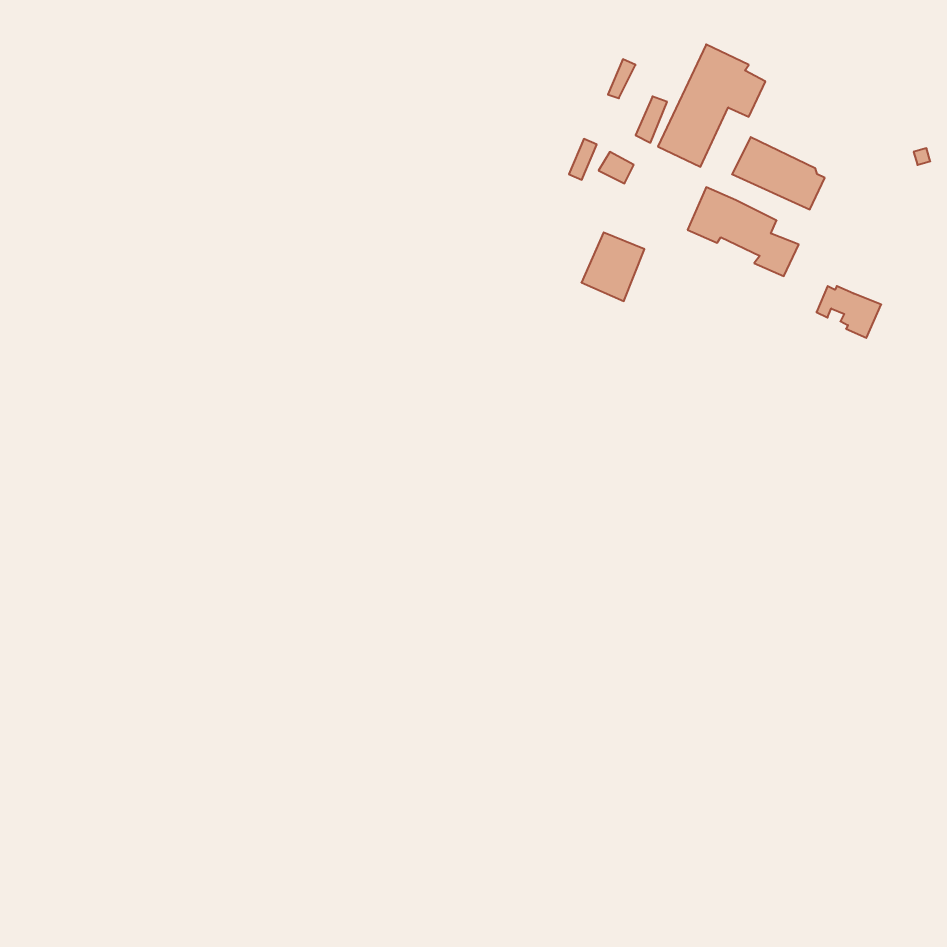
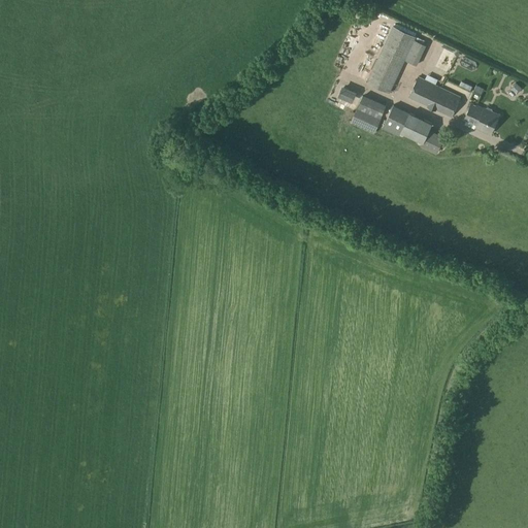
building: [581,232,644,301] -> [351,95,386,133]
building: [816,286,881,338] -> [463,104,499,133]

